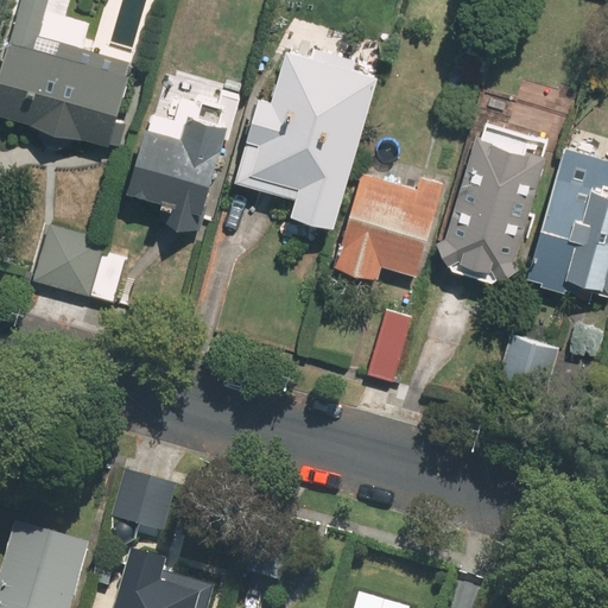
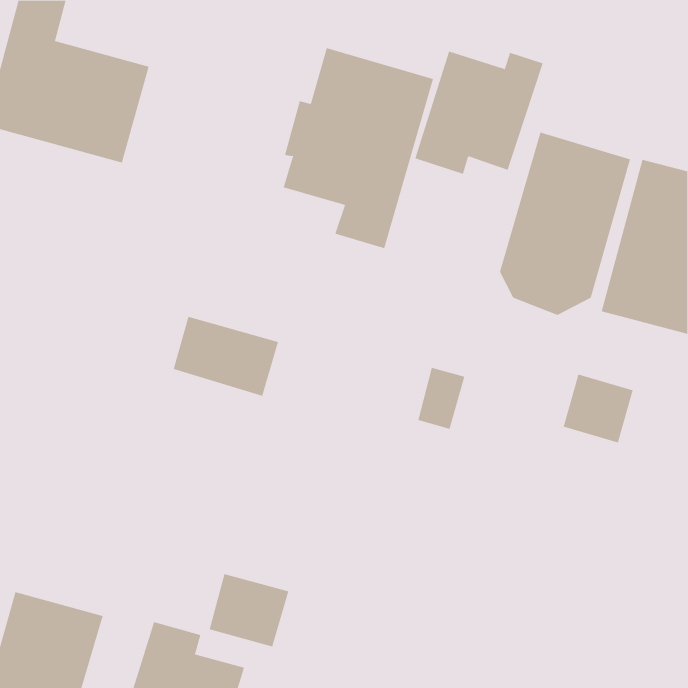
building: [129,84,238,238] -> none
building: [335,173,448,281] -> [414,51,544,175]
building: [28,234,121,304] -> [173,316,279,396]
building: [106,474,176,538] -> [209,574,289,647]

